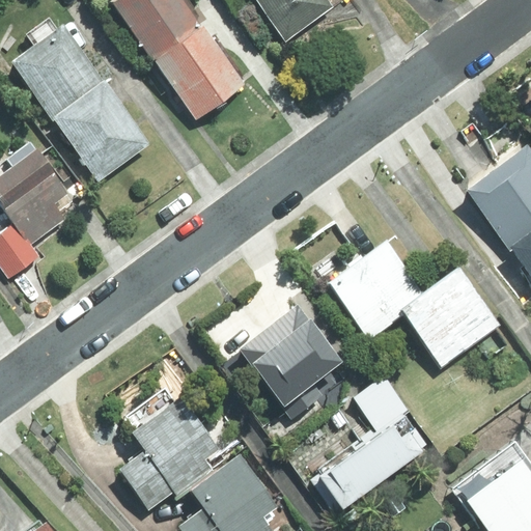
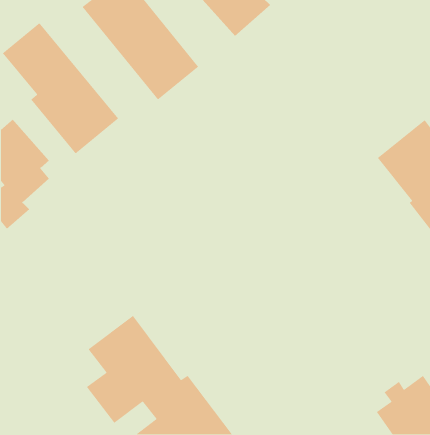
building: [331,237,501,368] -> none
building: [218,287,337,409] -> none
building: [315,372,432,508] -> none

